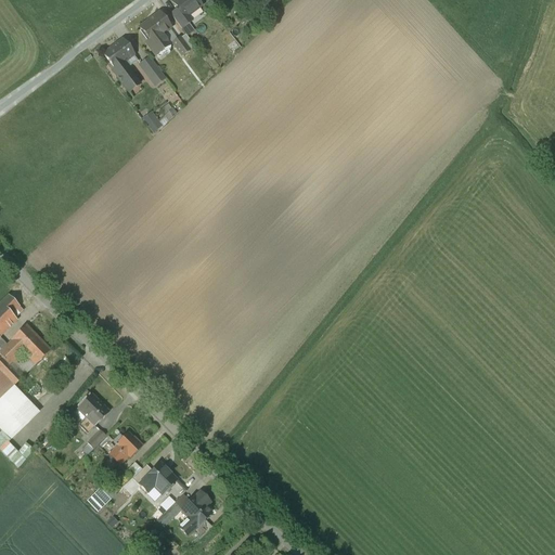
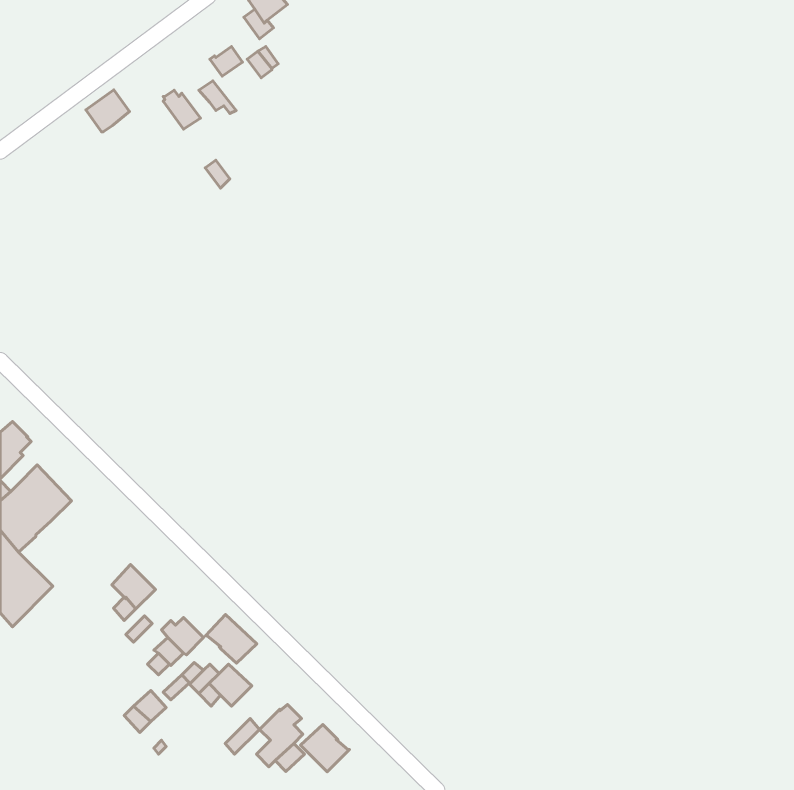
building: [140,11,170,40] -> none
building: [103,38,133,67] -> [86,90,129,132]
building: none -> [206,614,257,663]
building: none -> [300,724,350,772]

